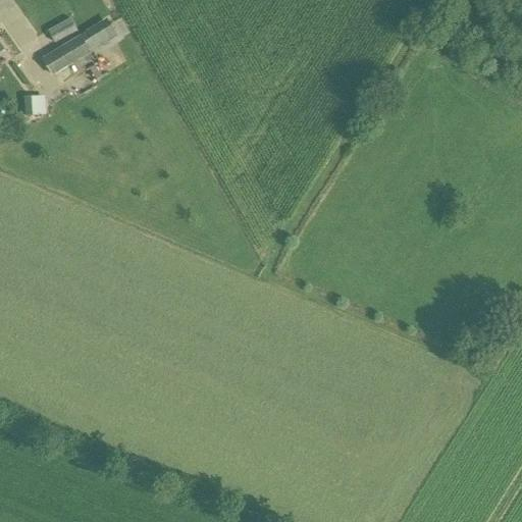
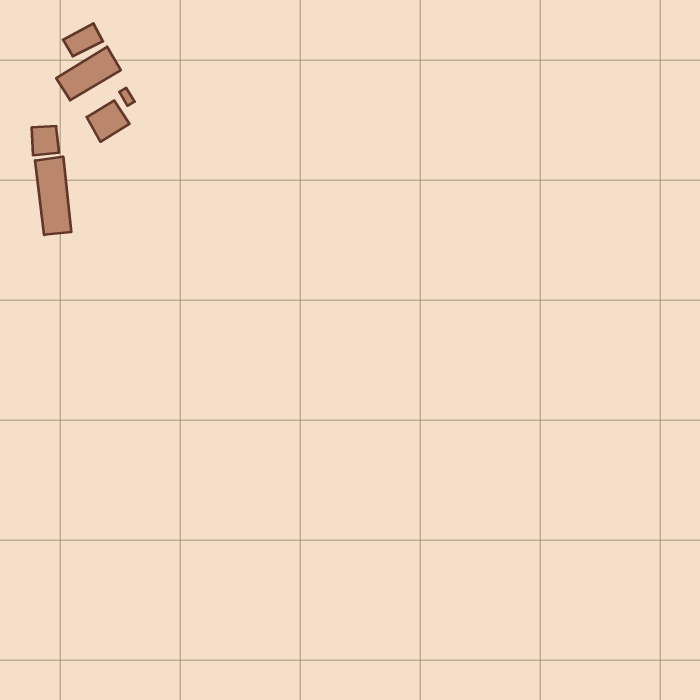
building: [86,19,117,50] -> [87,101,129,142]
building: none -> [35,157,71,235]

